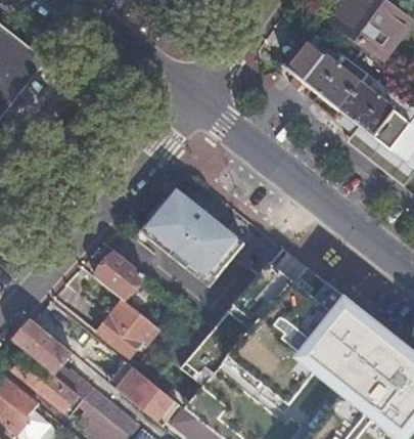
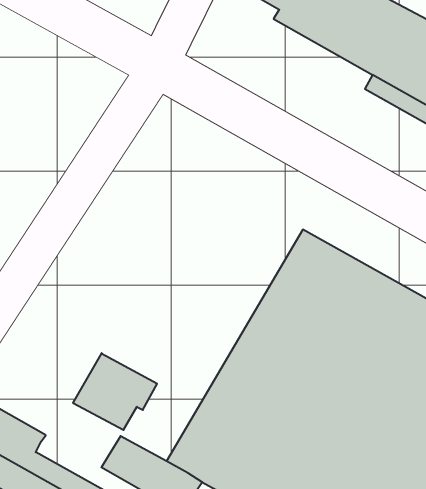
building: [140,195,244,283] -> none
building: [94,252,146,303] -> none

